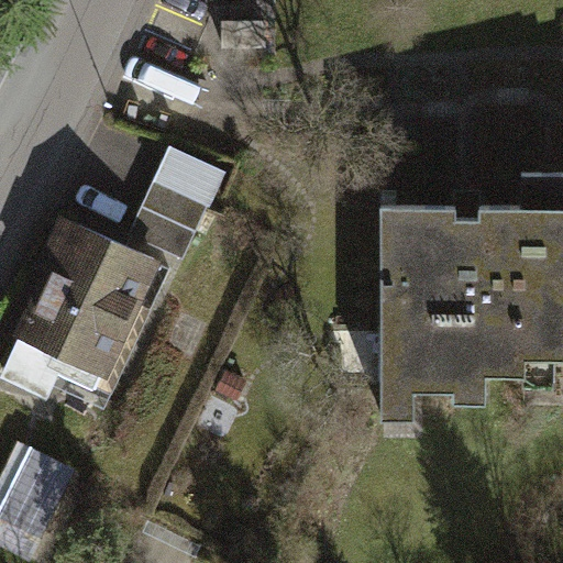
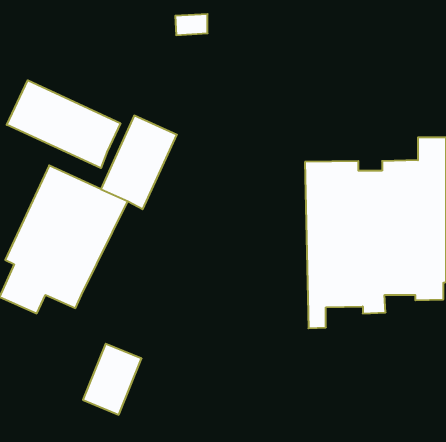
building: none -> [7,80,120,168]
building: [7,457,80,547] -> [83,344,142,415]

